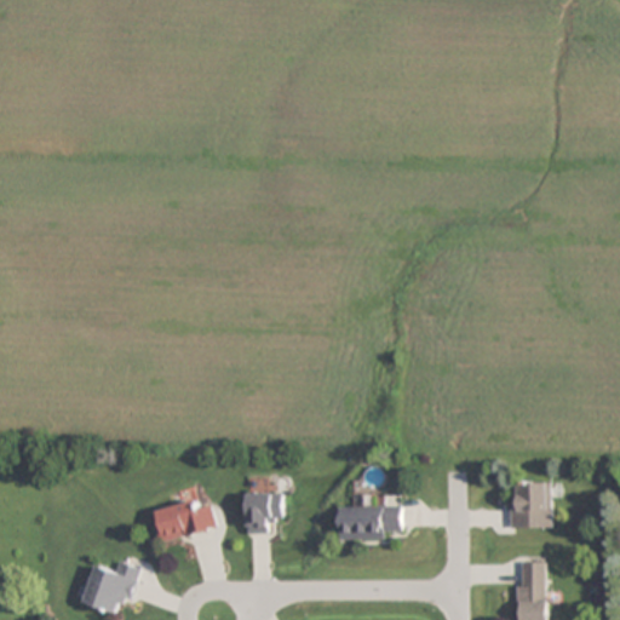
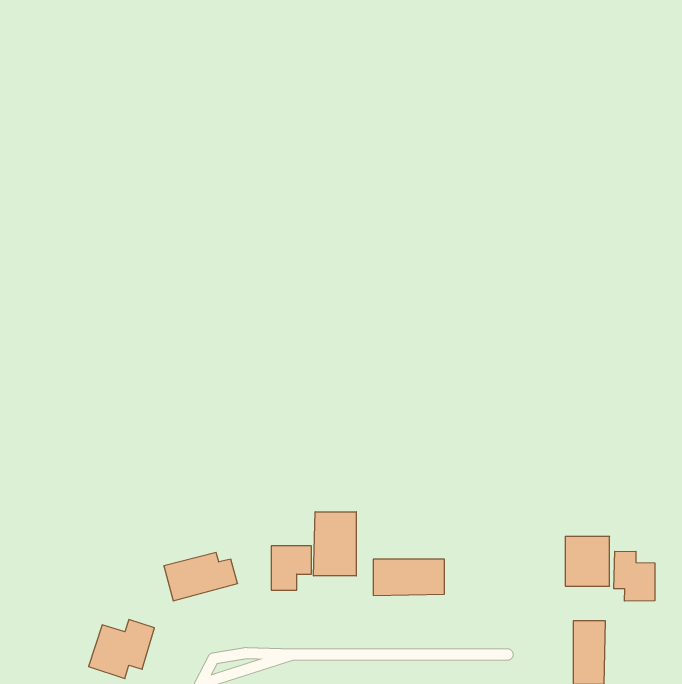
building: none -> [314,512,356,576]
building: none -> [614,551,655,601]

